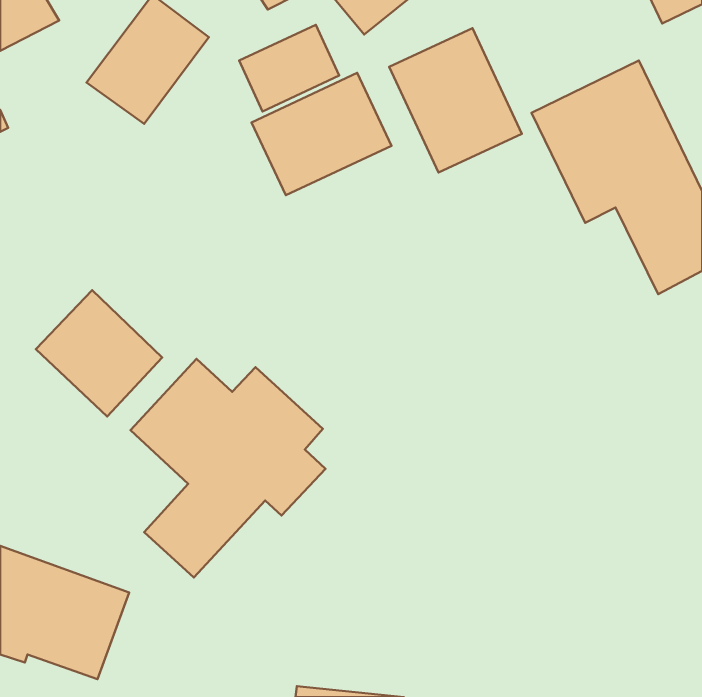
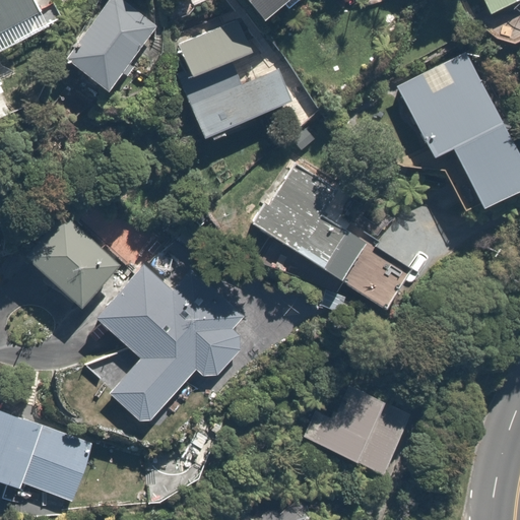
building: [389,28,522,172] -> none
building: none -> [252,158,416,313]
building: none -> [314,377,422,483]

